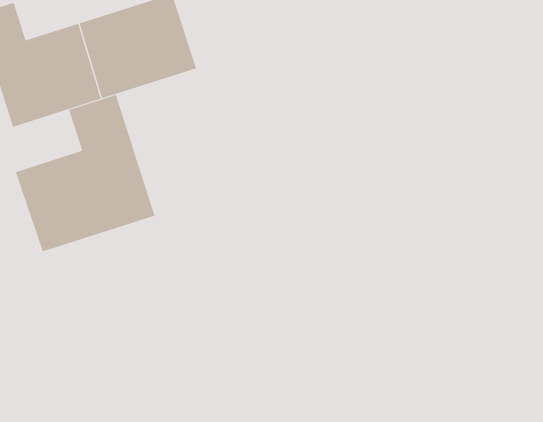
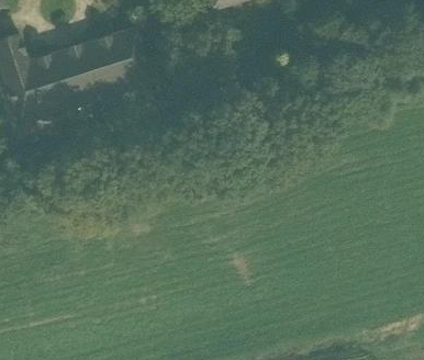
building: [15,94,155,252] -> none

